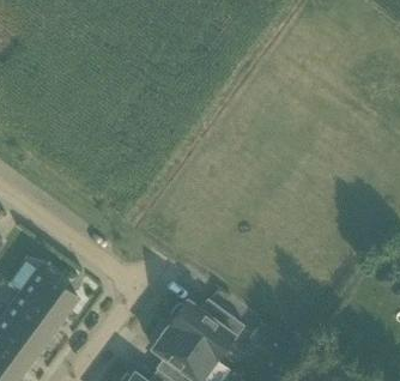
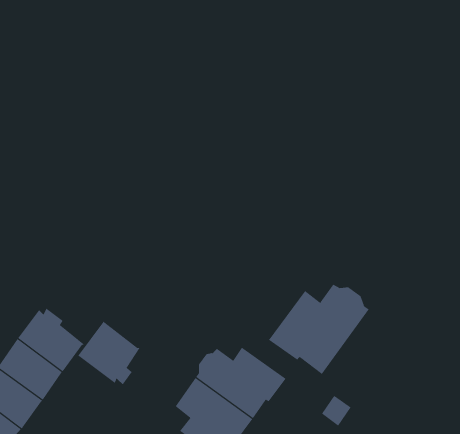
building: none -> [268,284,369,375]
building: none -> [77,321,140,385]

